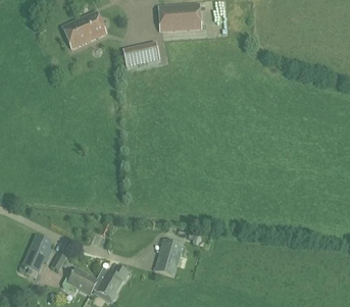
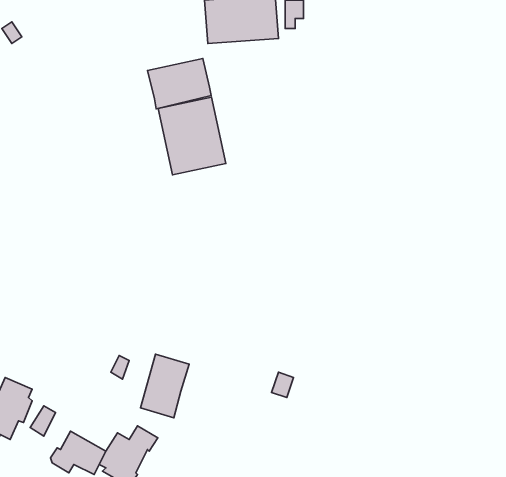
building: [61,10,105,48] -> none
building: none -> [158,97,226,175]
building: [153,238,183,276] -> [140,354,189,418]

